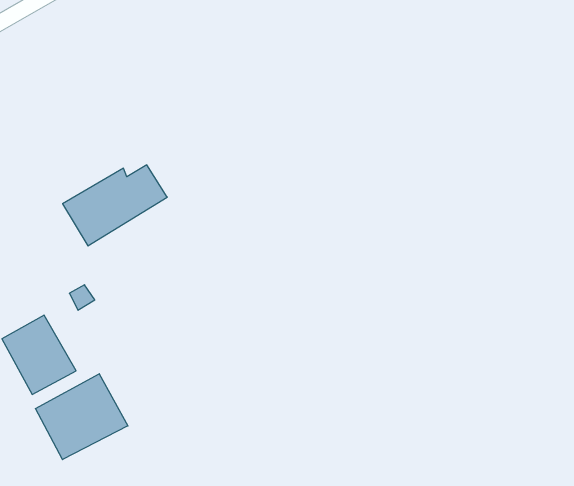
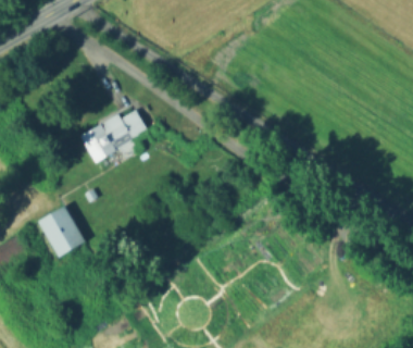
building: [35,374,128,460] -> none

